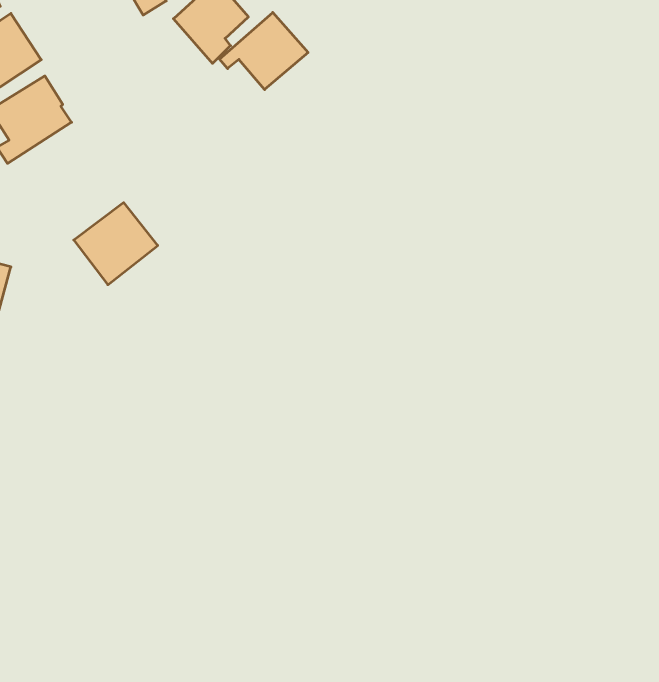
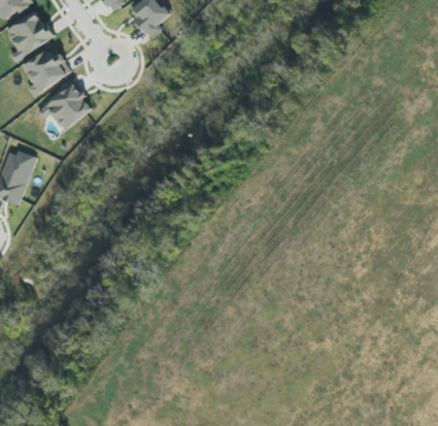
building: [220,12,308,90] -> none
building: [74,203,158,285] -> [43,83,92,130]

